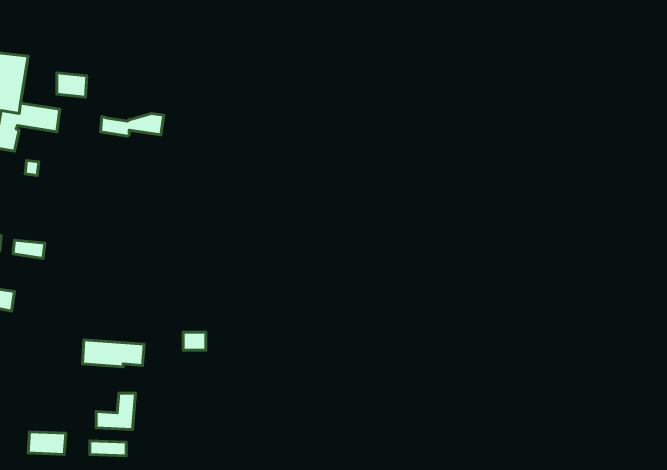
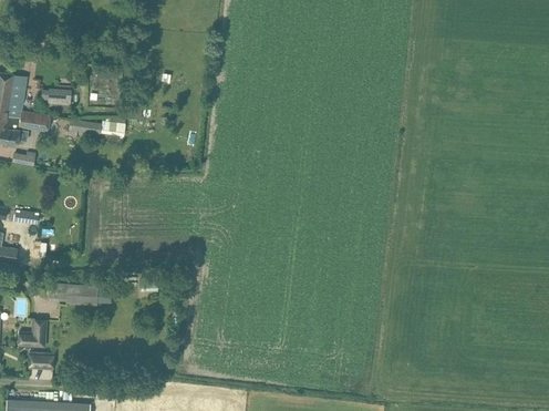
building: [96,393,135,429] -> [17,319,45,346]

